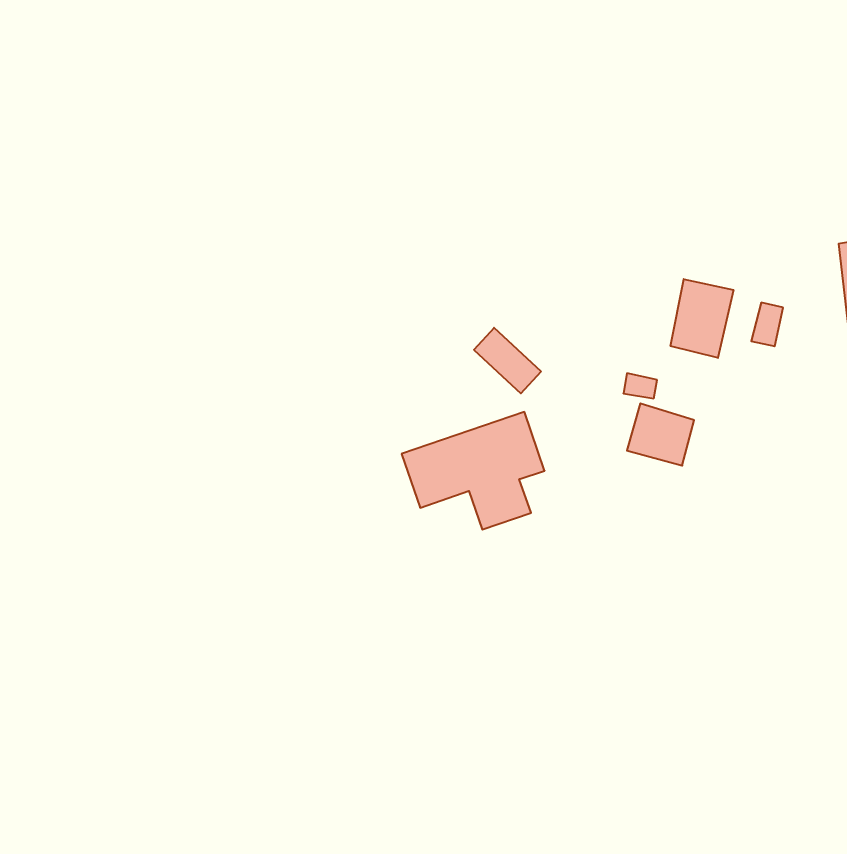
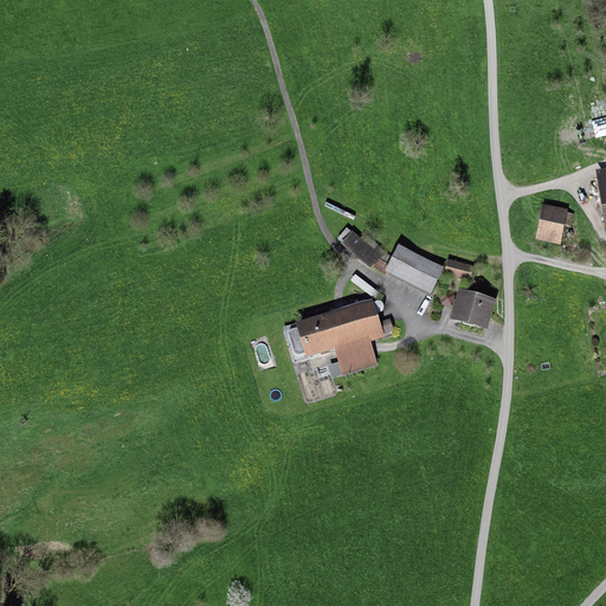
building: [671,279,733,358] -> none
building: none -> [392,253,444,295]

